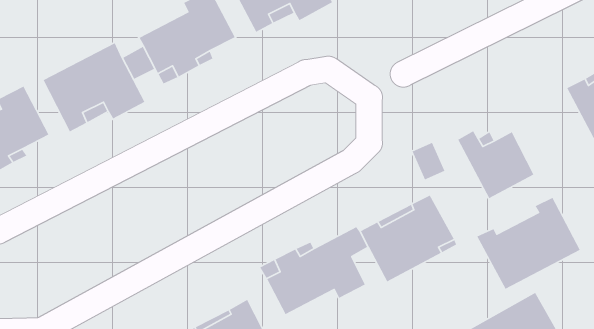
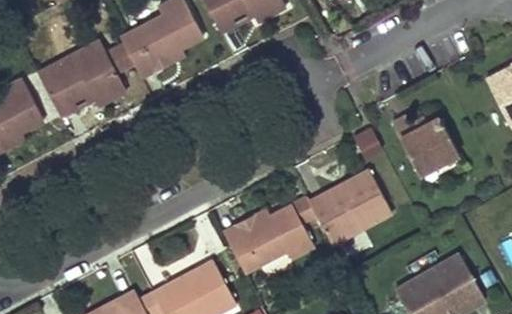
building: [476,197,581,290] -> none

